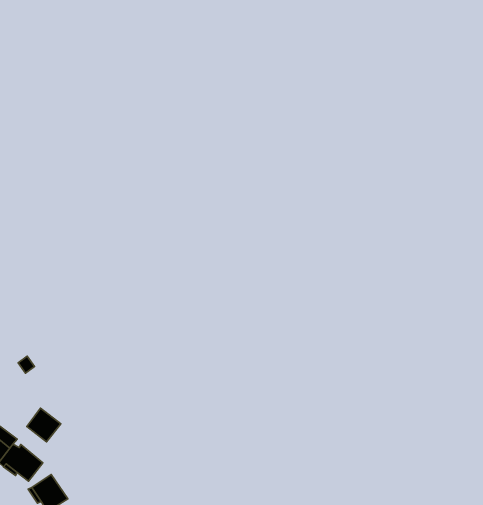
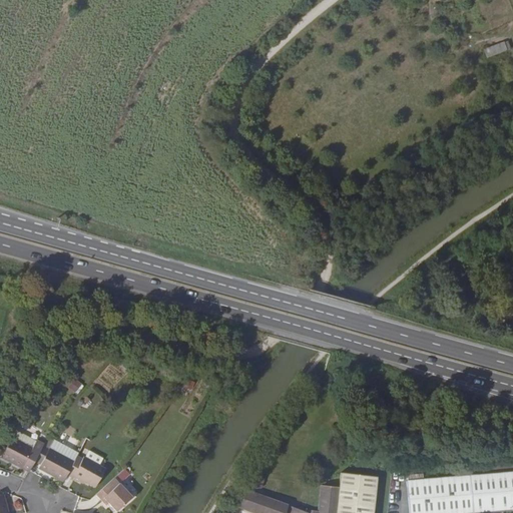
building: [27,408,61,442] -> none

